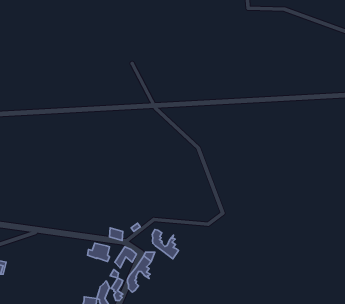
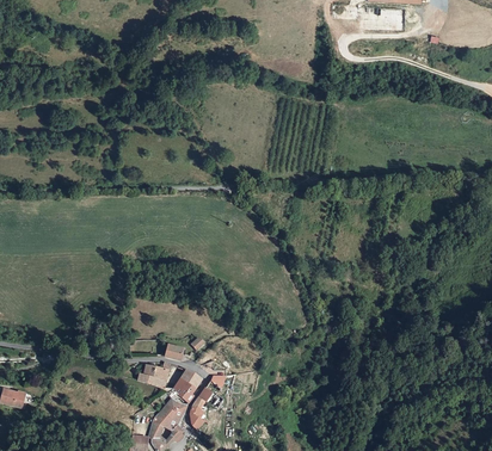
building: [152,230,179,259] -> none

